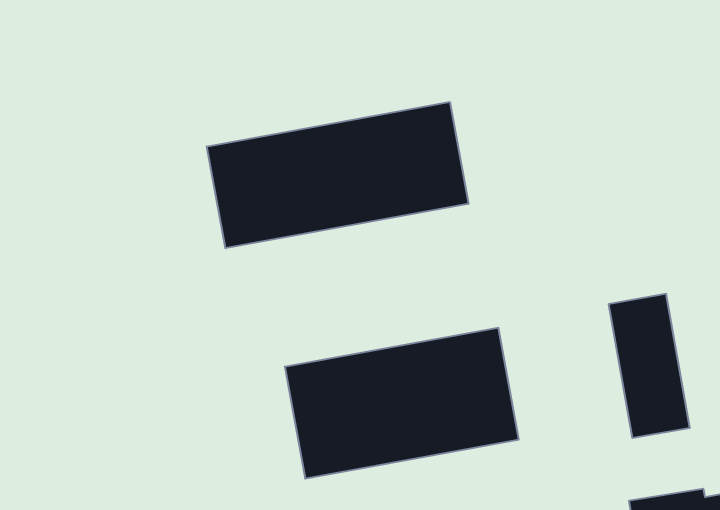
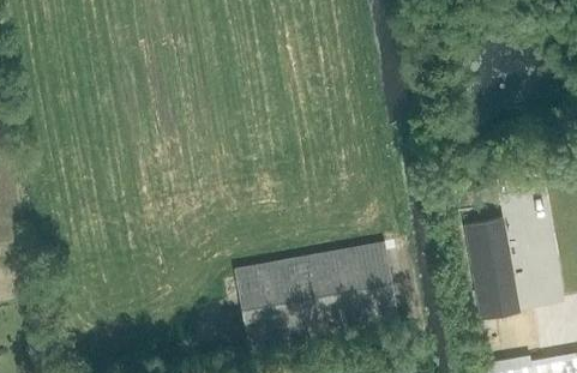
building: [207,102,468,248] -> none

